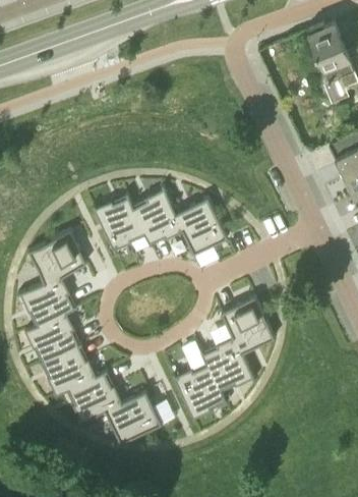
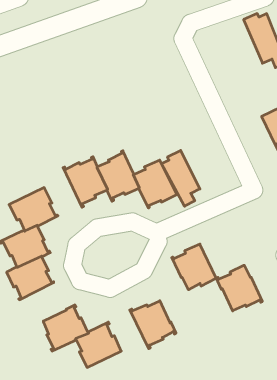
building: none -> [162,150,200,206]
building: [200,337,255,391] -> [216,265,262,311]
building: [41,343,97,396] -> none

